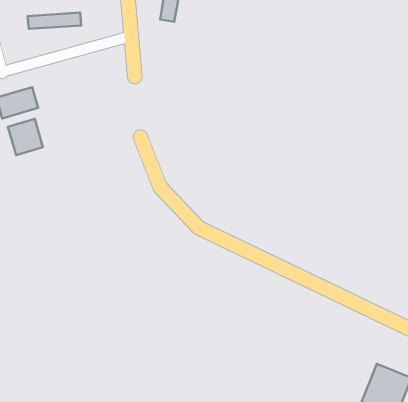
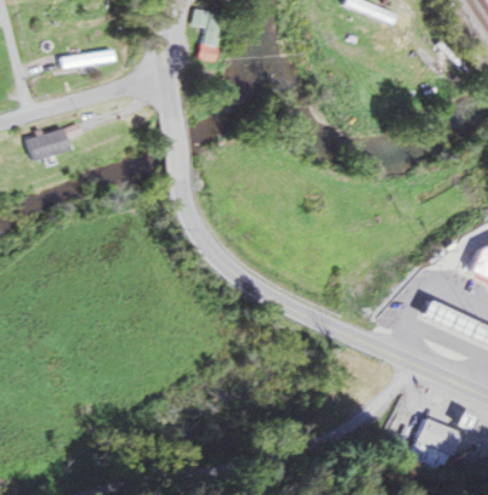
building: [8,119,43,155] -> none

